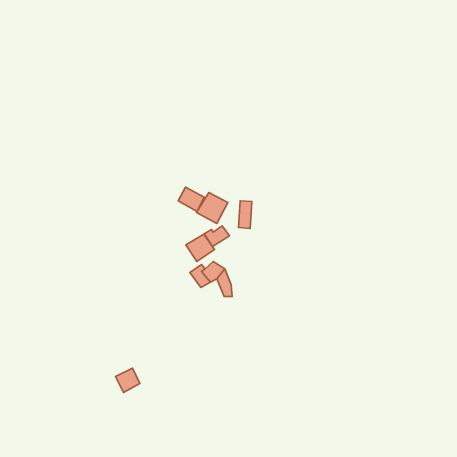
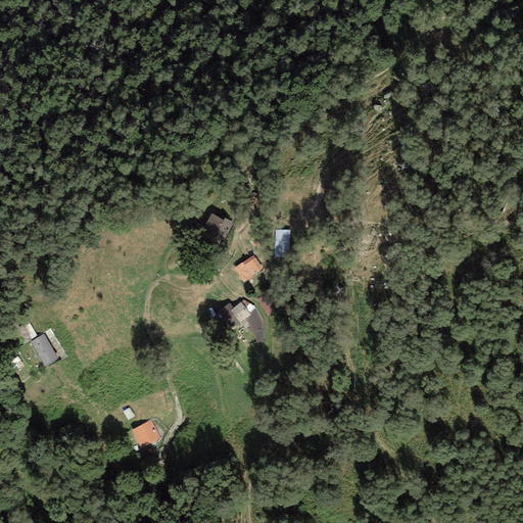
building: [197,192,228,224] -> none
building: [186,234,214,262] -> none
building: none -> [30,334,56,366]

